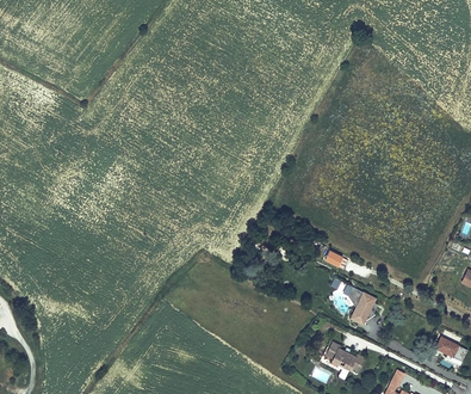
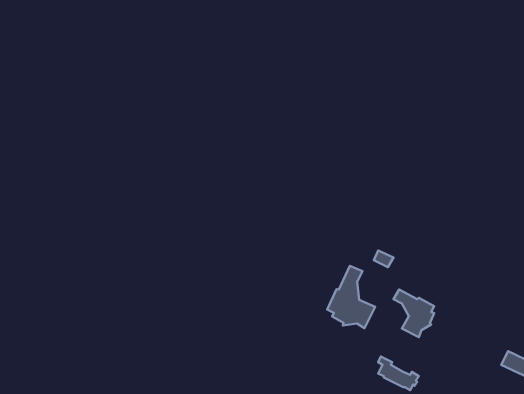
building: none -> [327,266,375,328]

